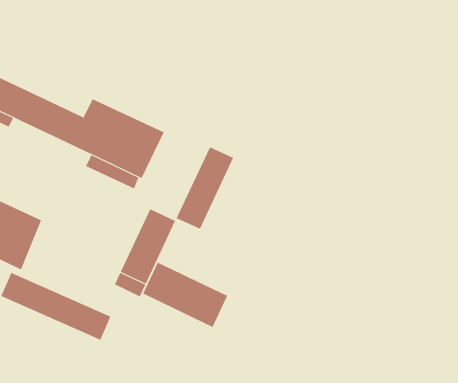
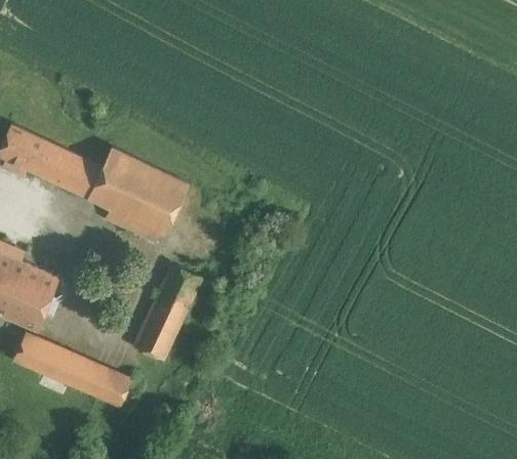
building: [176,146,234,229] -> none
building: [142,262,228,328] -> none

